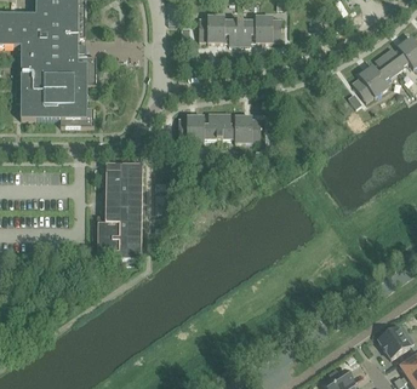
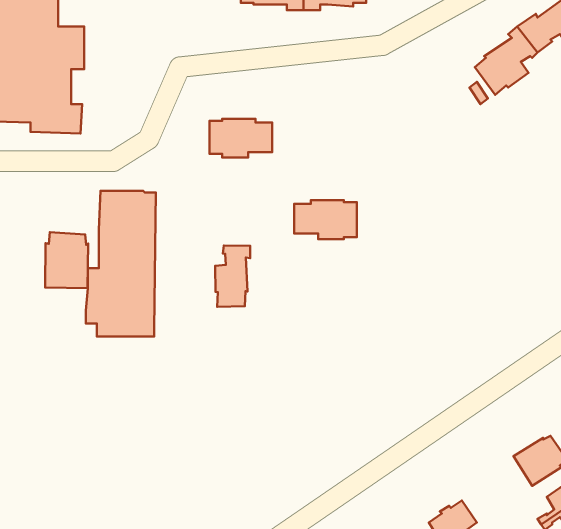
building: [219,116,261,142] -> [294,200,357,239]
building: none -> [45,232,88,288]
building: none -> [215,246,250,307]

